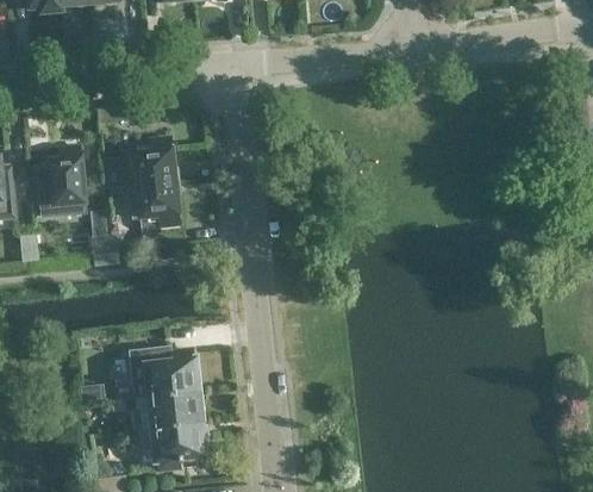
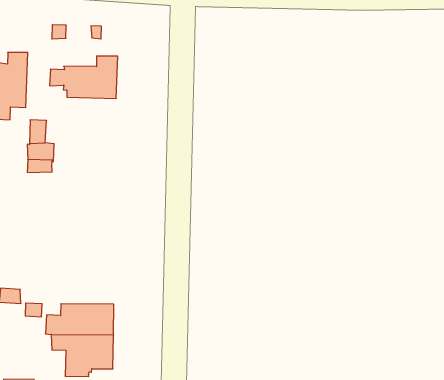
building: [126,182,181,226] -> none
building: [131,348,199,398] -> none

